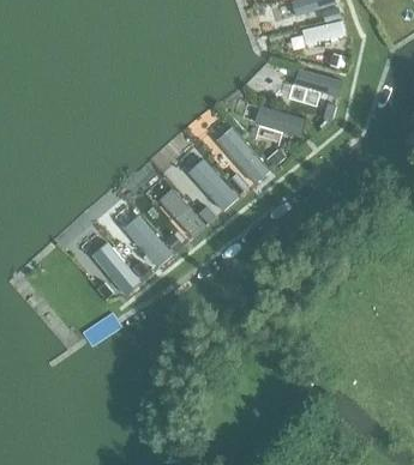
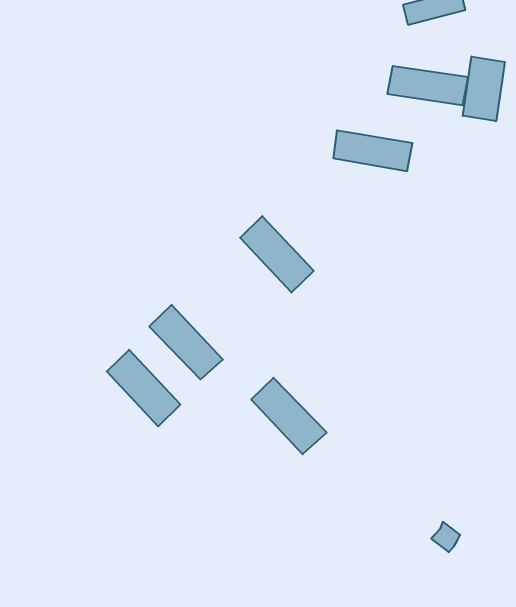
building: none -> [463,56,505,121]
building: [216,127,269,183] -> none
building: [157,186,205,237] -> [251,378,327,454]

